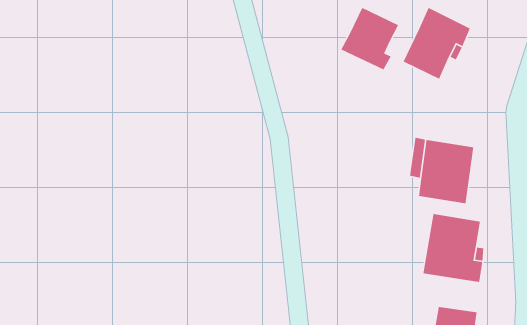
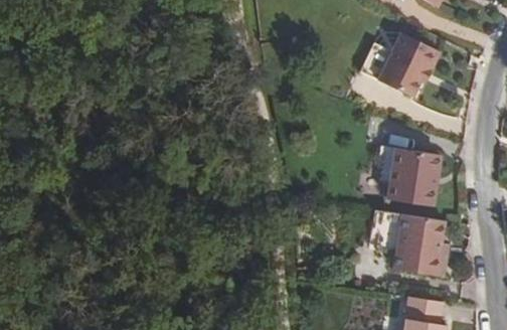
building: [340,7,399,70] -> none

